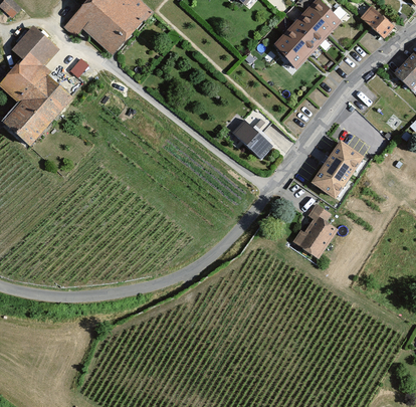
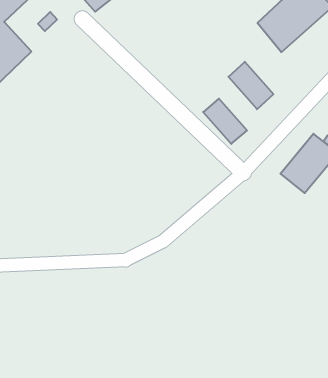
building: none -> [228,62,273,109]
building: [292,202,339,258] -> none

